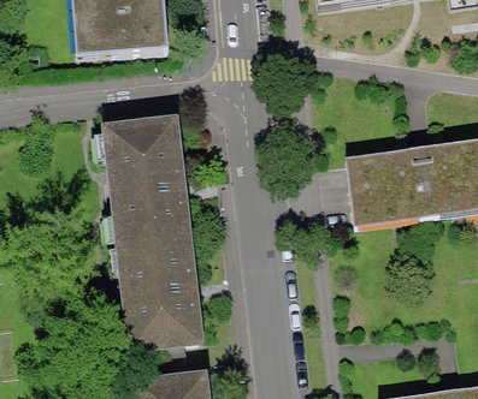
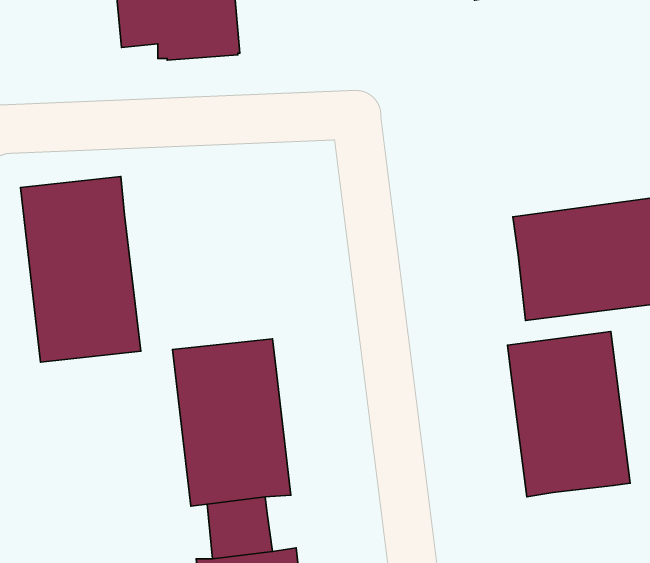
building: [107,123,187,245] -> [21,177,141,362]
building: none -> [507,331,630,497]

